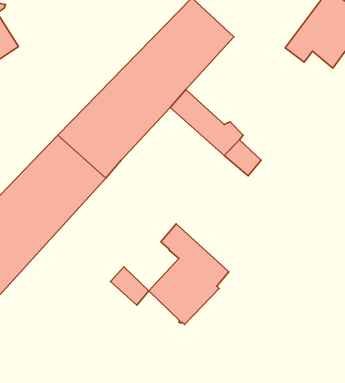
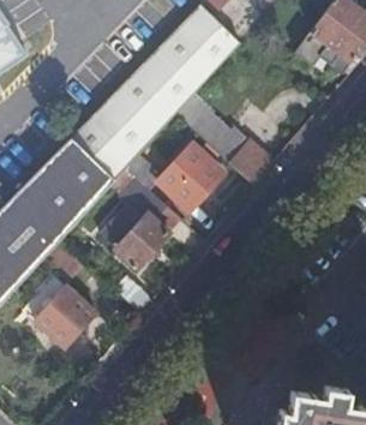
building: none -> [162,146,224,209]
building: [149,224,229,325] -> [101,167,181,268]
building: none -> [36,283,98,347]

